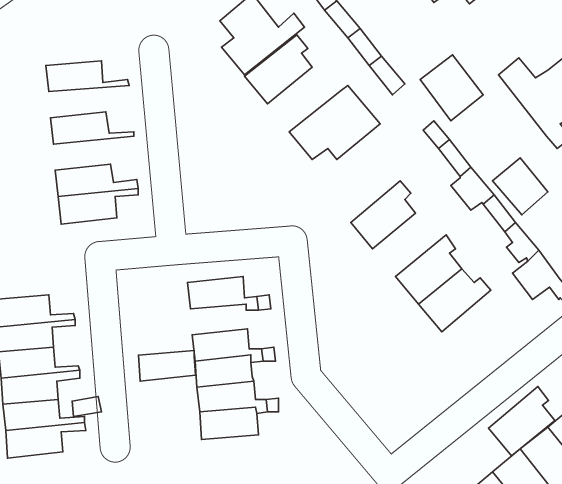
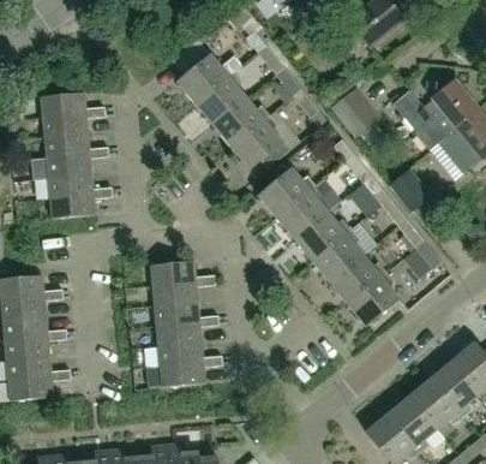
building: none -> [212,97,270,148]
building: none -> [42,112,104,137]
building: none -> [46,151,108,178]
building: none -> [258,168,316,219]
building: none -> [294,212,352,261]
building: [139,350,196,381] -> [152,282,197,307]
building: [488,387,555,456] -> [348,272,400,326]

